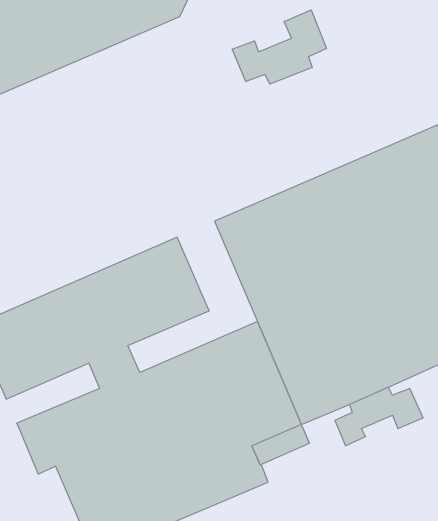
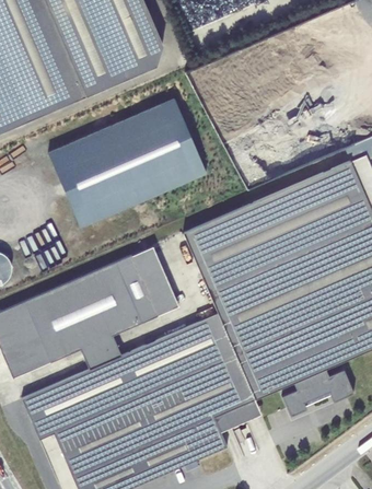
building: [232,10,326,84] -> none
building: none -> [48,98,207,226]

